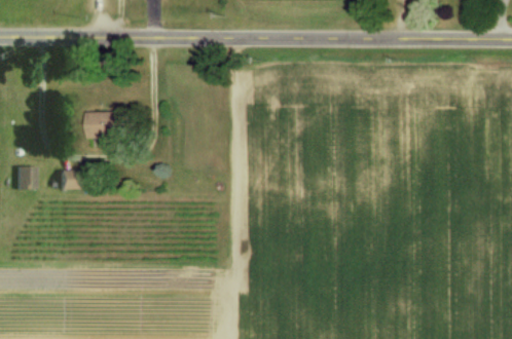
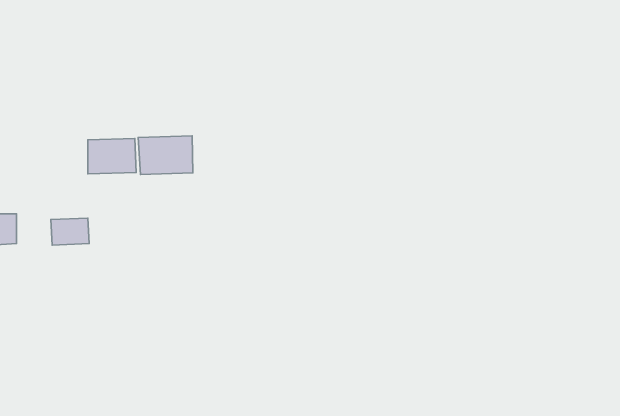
building: none -> [138,136,193,174]

